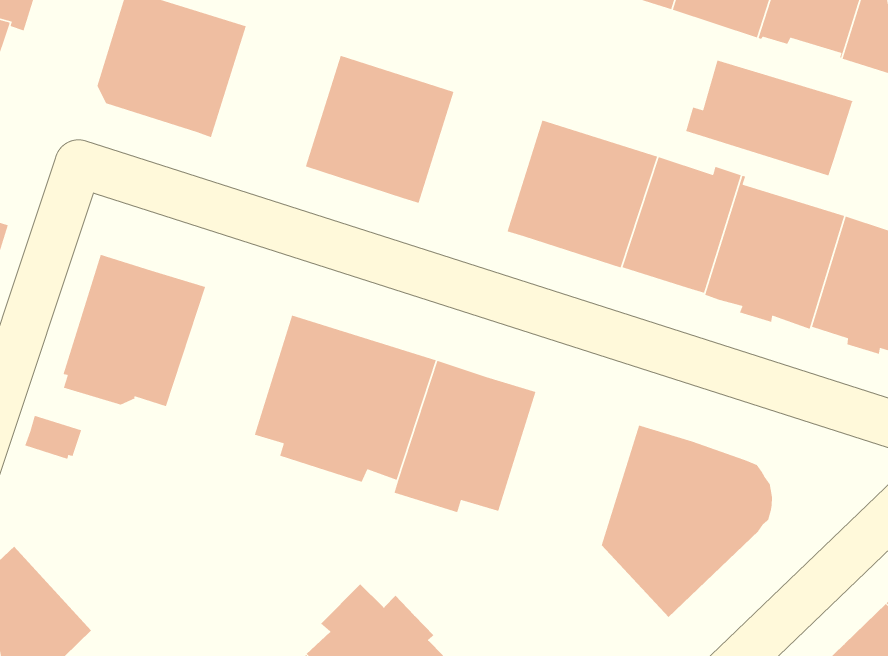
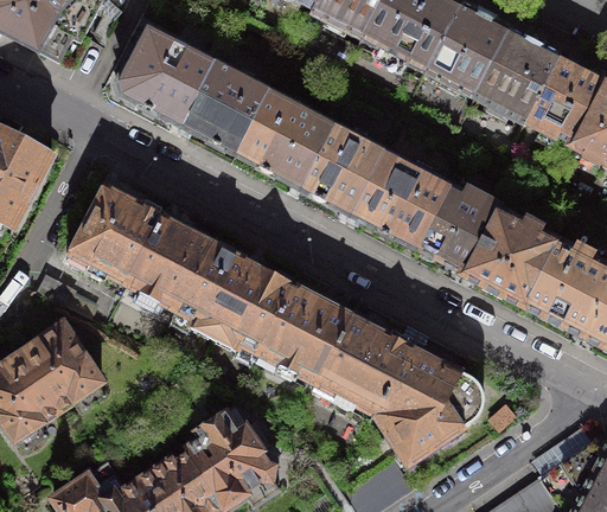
building: none -> [183,60,269,152]
building: [685,60,855,177] -> none
building: none -> [301,122,384,212]
building: none -> [127,213,212,309]
building: none -> [313,312,410,411]
building: none -> [20,322,106,409]

